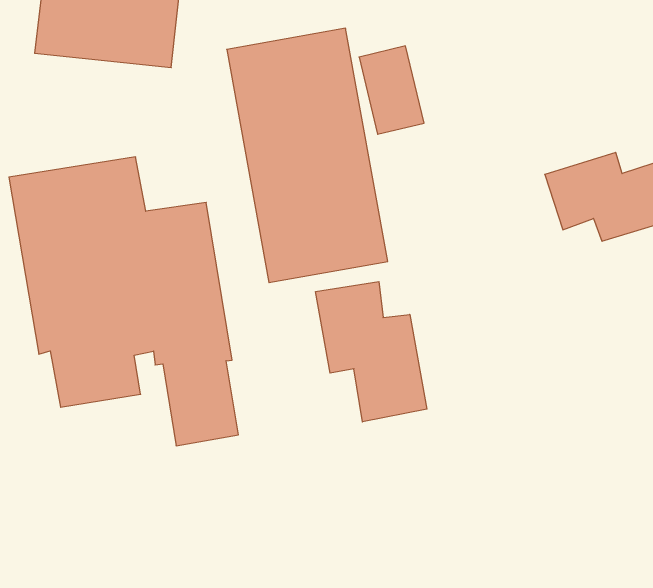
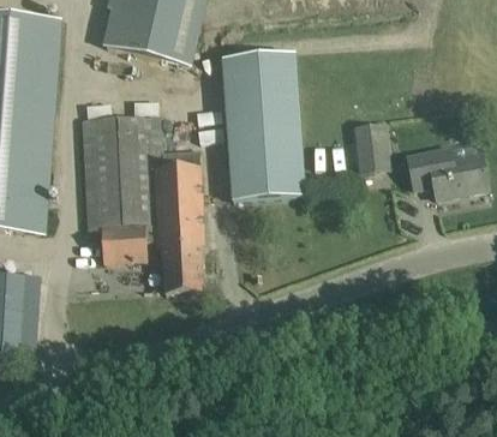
building: [359,46,424,134] -> [355,121,390,173]
building: [316,282,427,422] -> none

